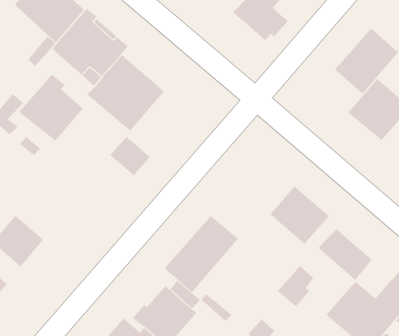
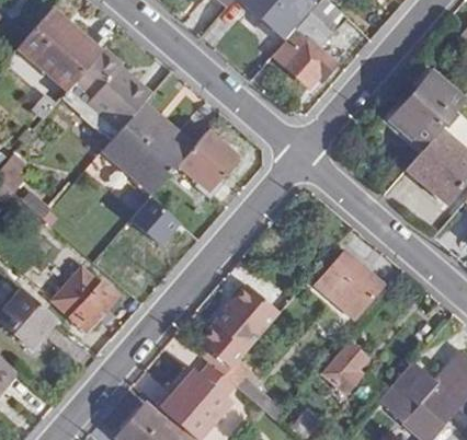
building: [19,74,84,141] -> none
building: none -> [179,129,239,189]
building: none -> [55,267,118,331]
building: [318,228,373,281] -> none

